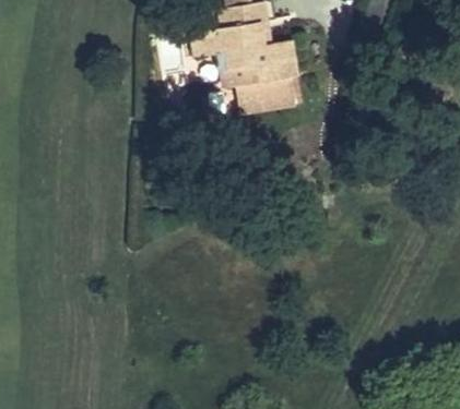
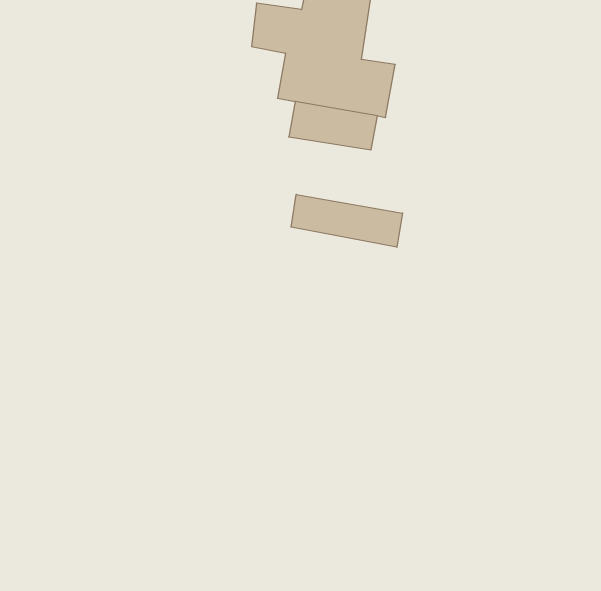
building: none -> [291,194,403,247]

